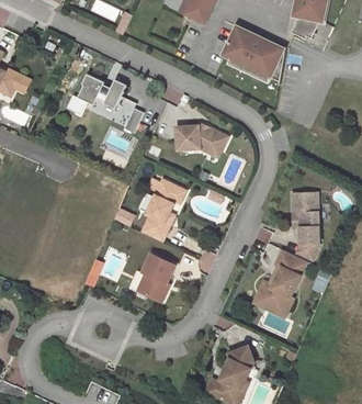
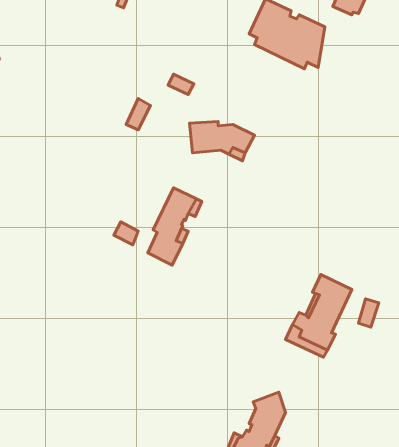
building: [78,72,126,108] -> none
building: [292,192,319,244] -> none
building: [137,252,174,301] -> none

